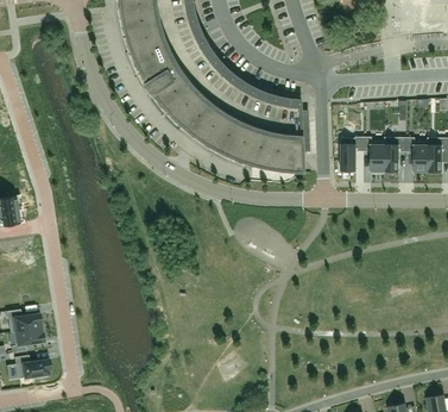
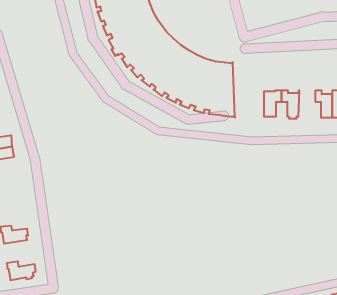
building: [383,137,404,171] -> none
building: [8,327,42,352] -> none

